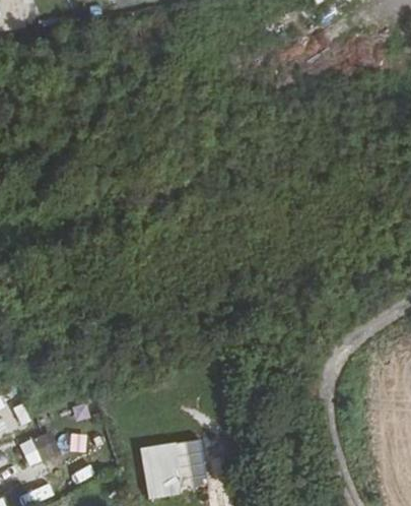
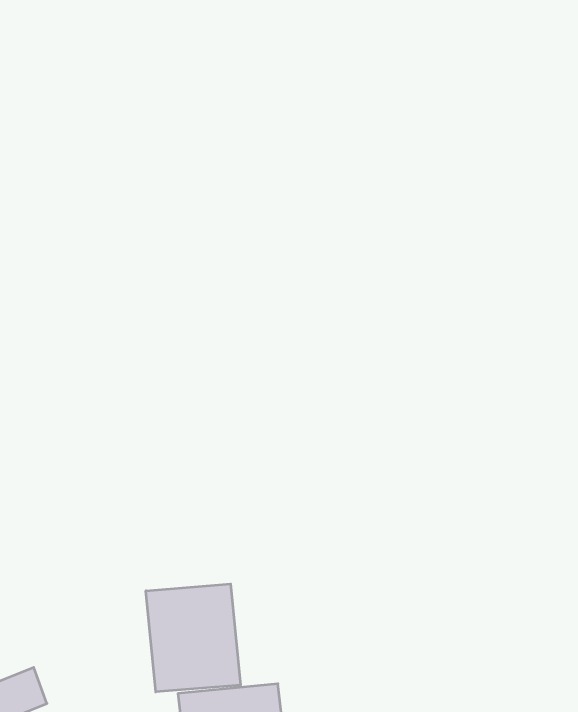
building: none -> [146,584,241,692]

